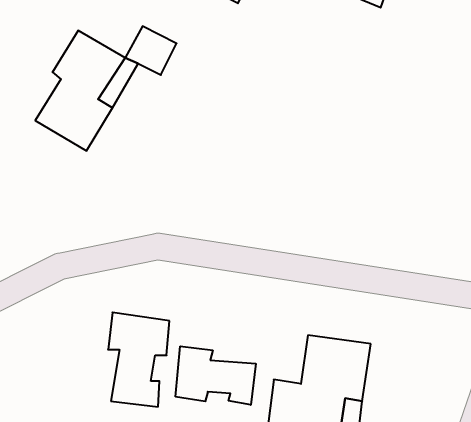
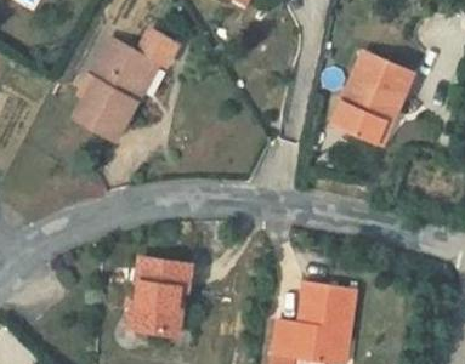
building: none -> [330,58,419,149]
building: [176,346,256,405] -> none

